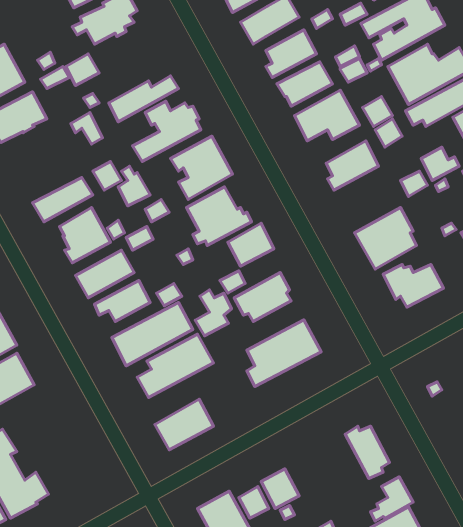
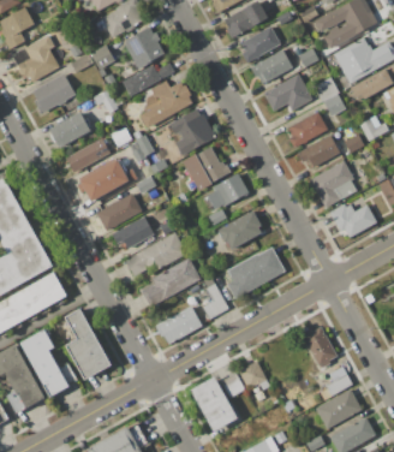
building: none -> [123,26,163,69]
building: none -> [49,112,90,148]
building: none -> [297,133,340,166]
building: [195,290,232,336] -> [203,284,231,319]
building: none -> [65,308,112,379]

